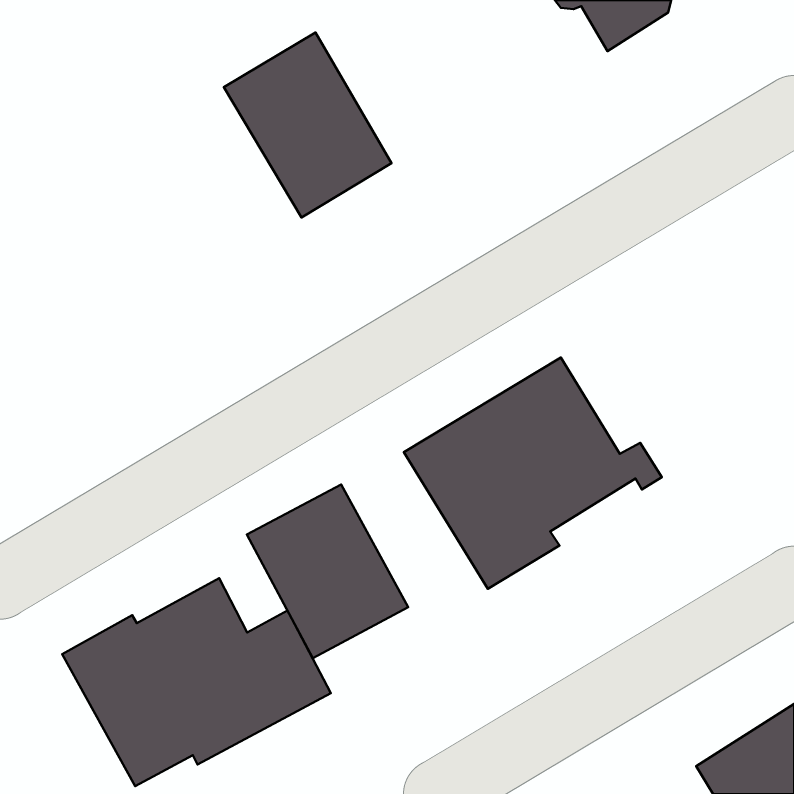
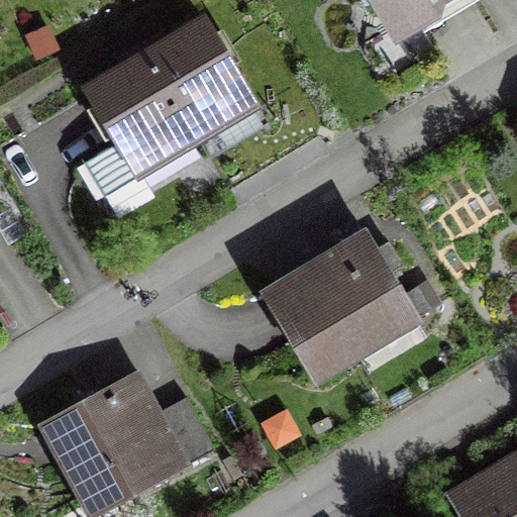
building: none -> [84,57,196,195]
building: [247,485,408,658] -> none

